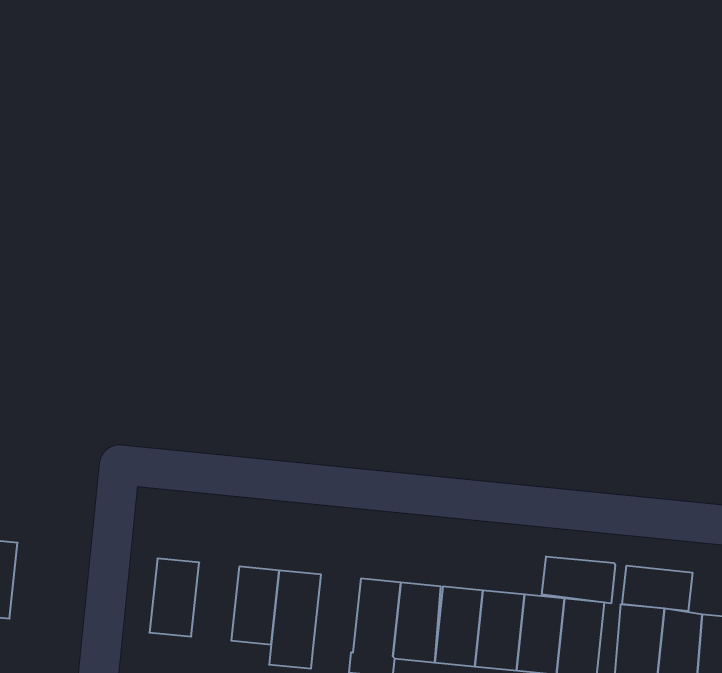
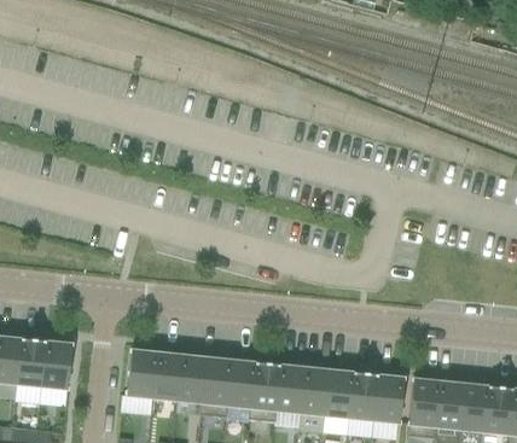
building: none -> [42,340,71,389]
building: [542,556,615,603] -> none
building: none -> [152,352,181,400]
building: [622,566,692,611] -> none
building: none -> [226,360,255,407]

